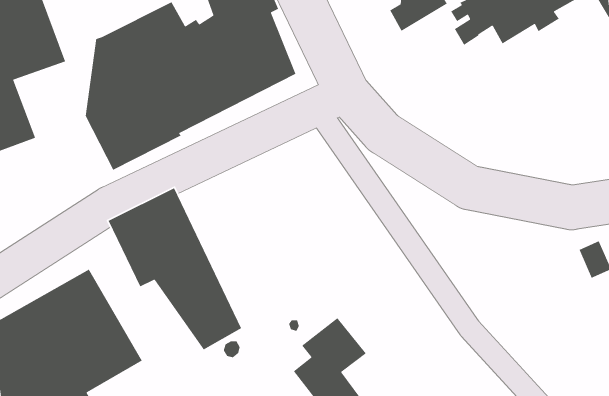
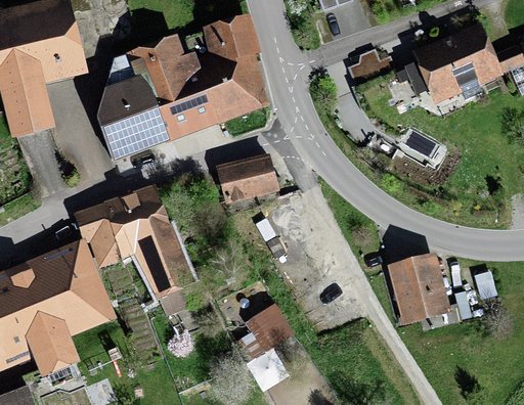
building: none -> [215,152,278,204]
building: none -> [73,202,122,268]
building: none -> [387,253,472,328]

